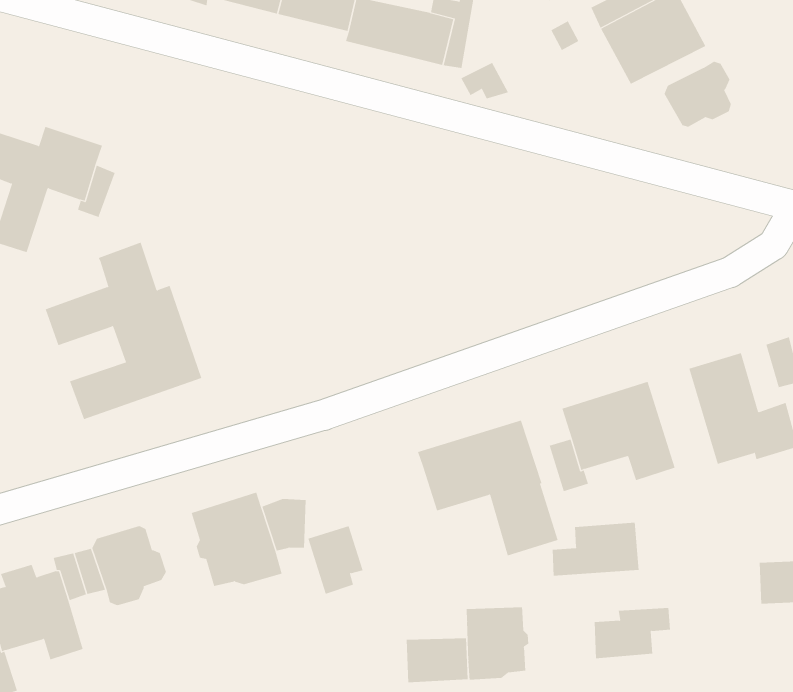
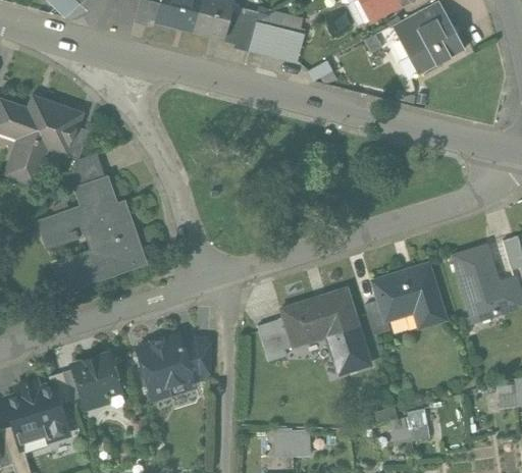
building: [664,61,731,127] -> none
building: none -> [68,151,106,191]
building: [552,522,639,577] -> none
building: [307,526,364,595] -> [258,317,294,361]
building: [466,606,529,680] -> none

